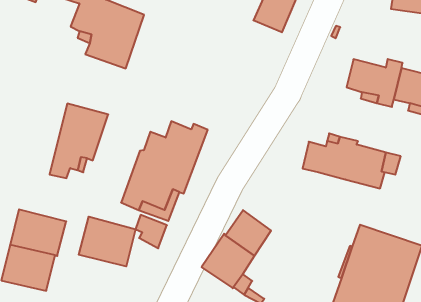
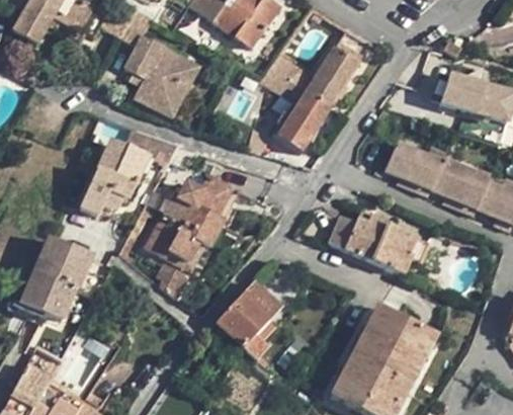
building: none -> [270,89,331,158]
building: [79,217,136,266] -> none

